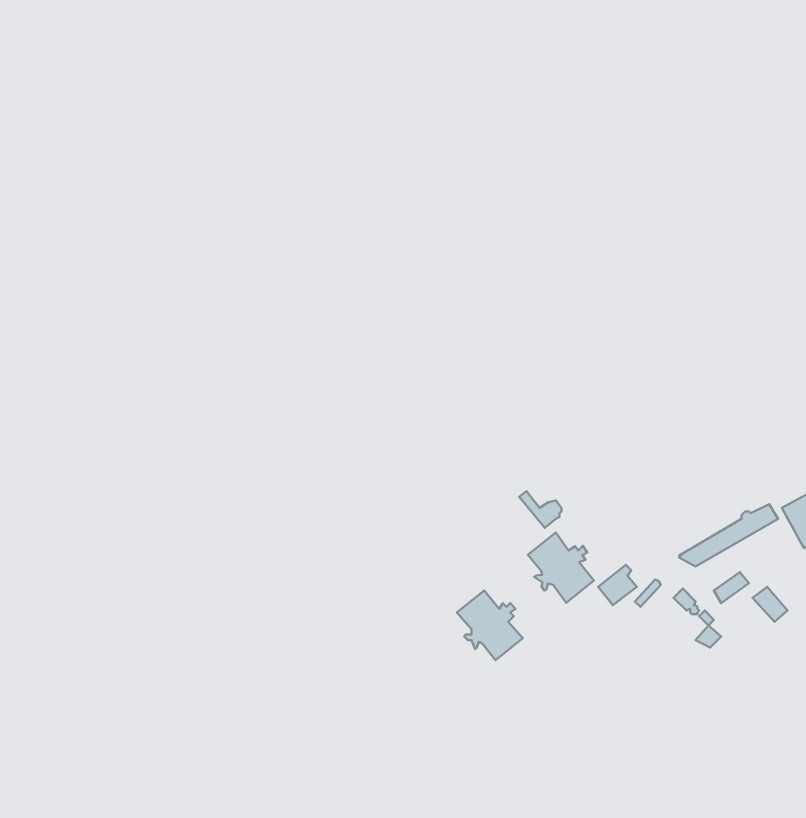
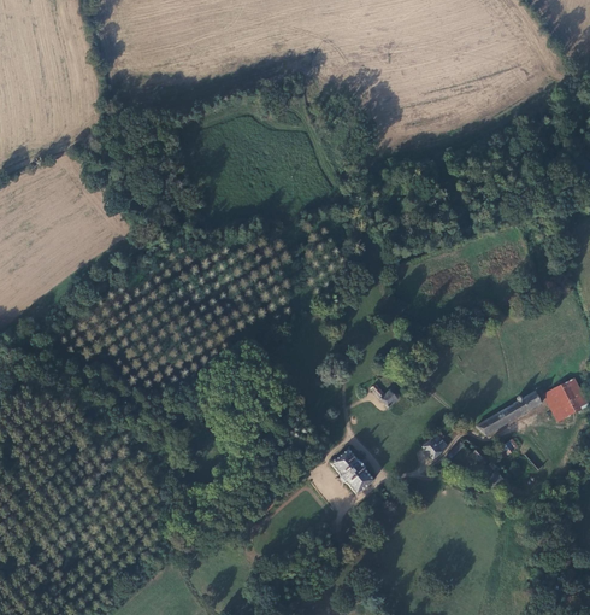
building: [528,532,594,603] -> none

